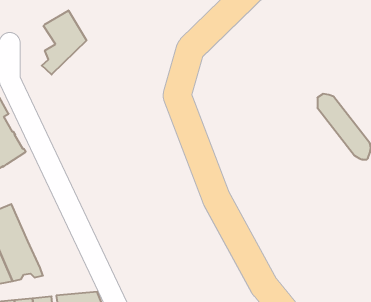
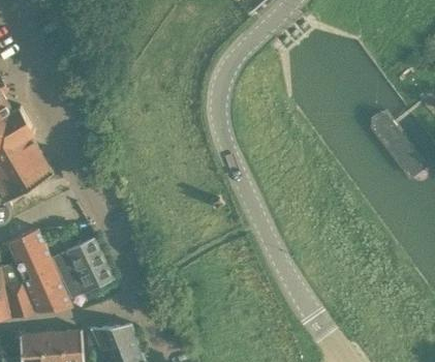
building: [42,10,86,75] -> none
building: none -> [54,238,113,299]

